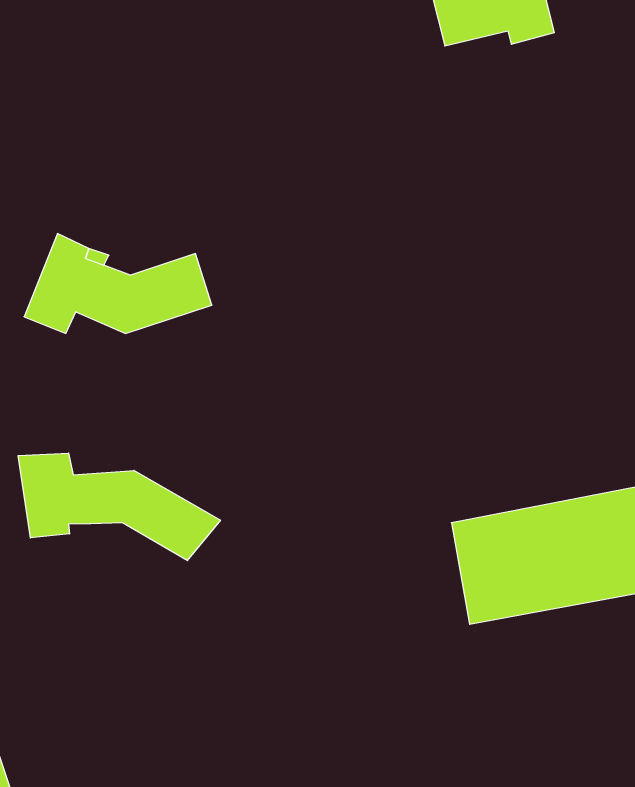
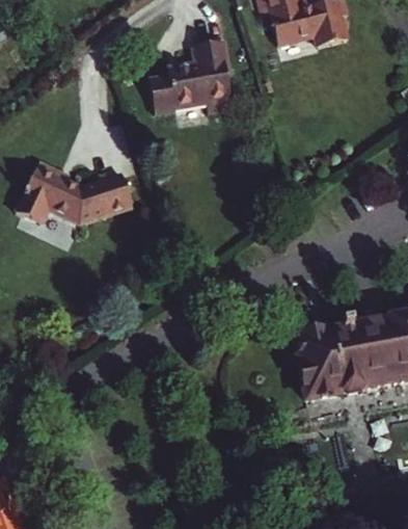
building: none -> [147,38,230,110]
building: [18,453,220,561] -> none

